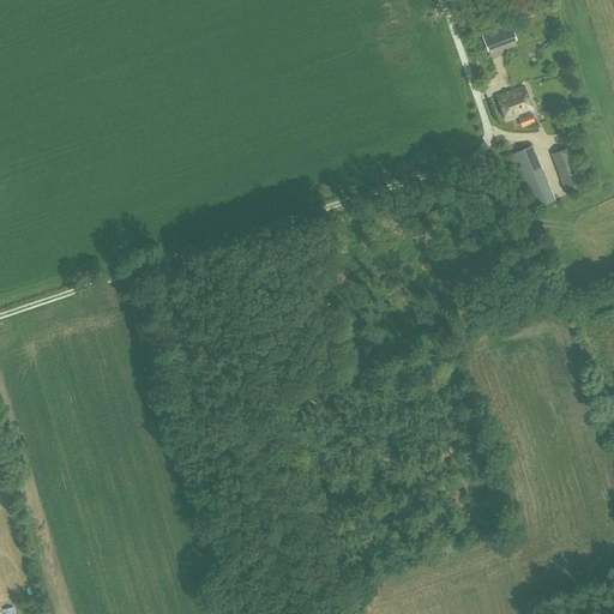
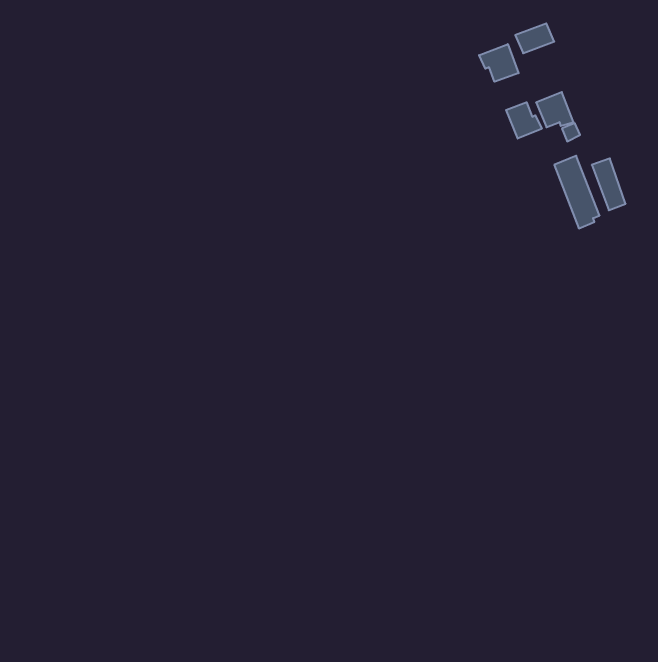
building: none -> [479,44,519,82]
building: none -> [506,102,542,139]

